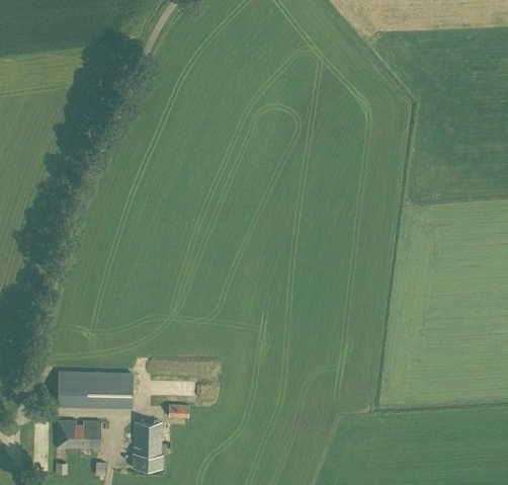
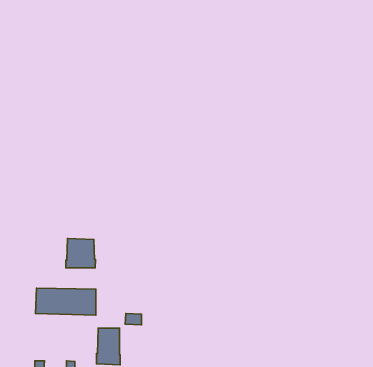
building: none -> [66,239,95,268]
building: [57,420,100,449] -> none

